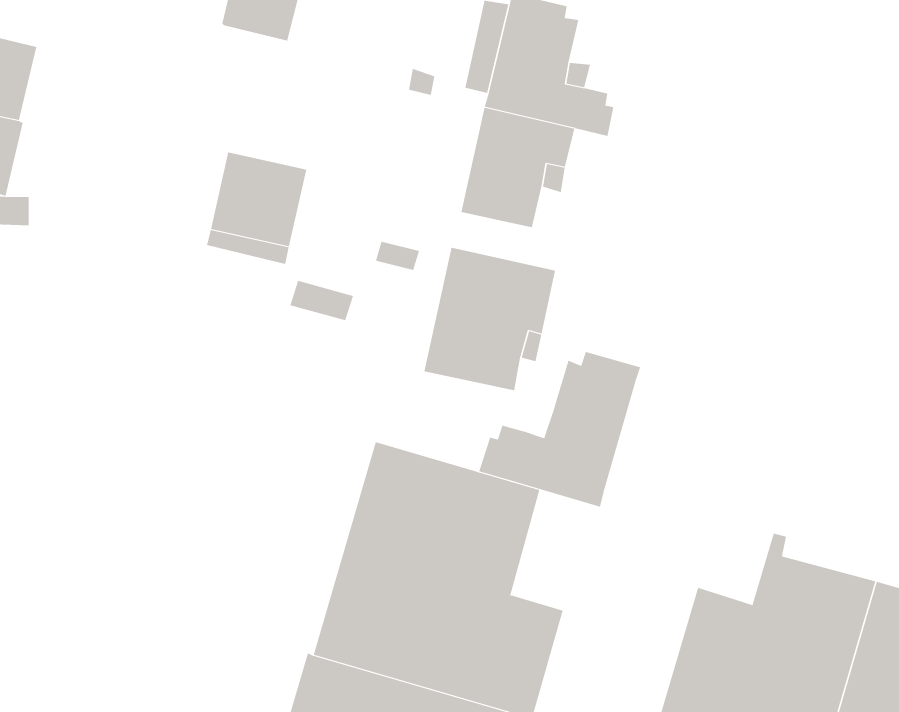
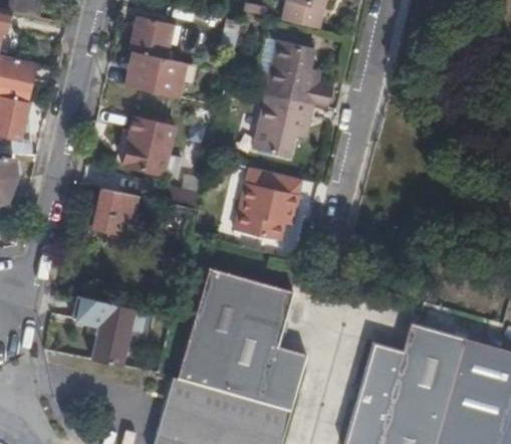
building: none -> [124,52,185,98]
building: none -> [92,189,138,250]
building: [478,351,641,507] -> none
building: none -> [72,297,134,366]

